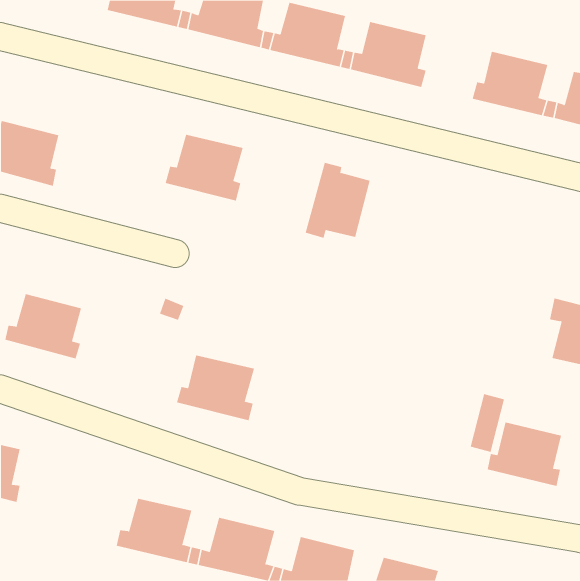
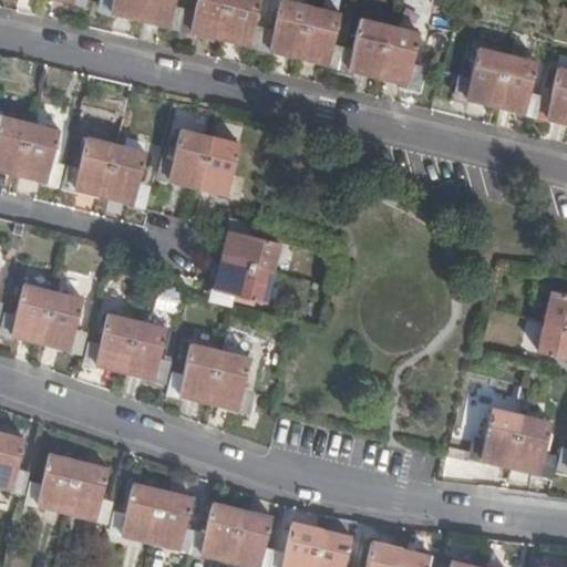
building: none -> [69,138,144,203]
building: [305,162,371,239] -> [213,226,277,300]
building: none -> [90,316,163,378]
building: none -> [31,455,105,519]

